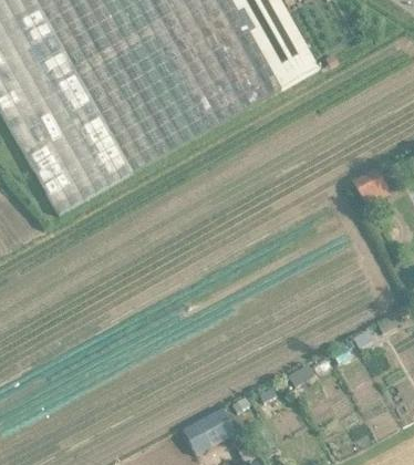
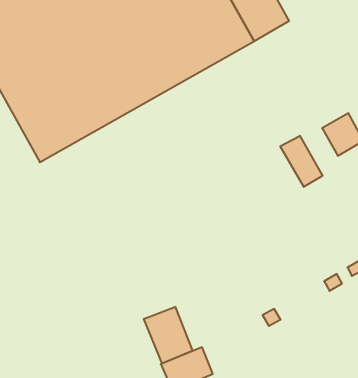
building: none -> [280,136,323,187]
building: none -> [144,307,193,364]

